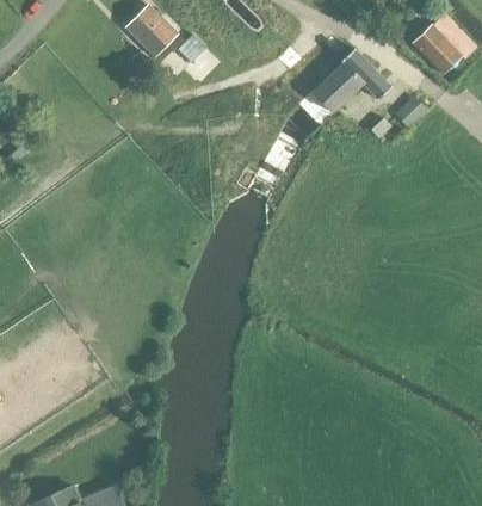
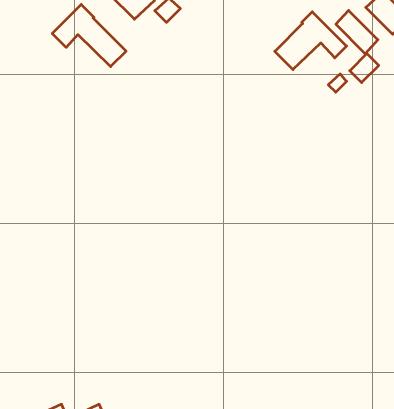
building: none -> [52,4,126,67]
building: none -> [336,10,378,54]

